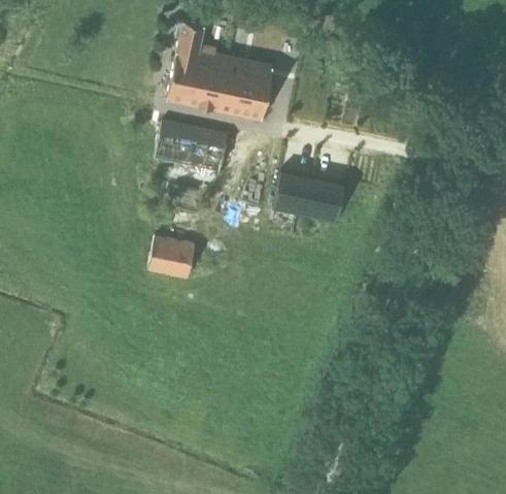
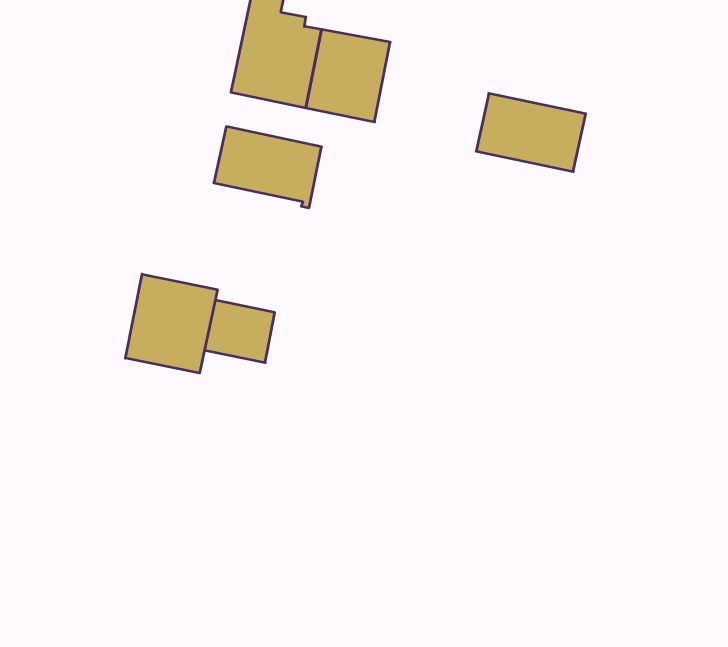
building: [273,170,345,222] -> [476,93,586,172]
building: none -> [125,274,217,373]

